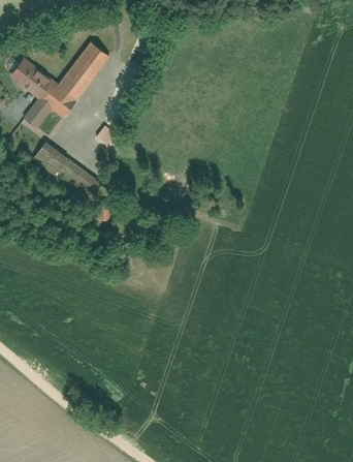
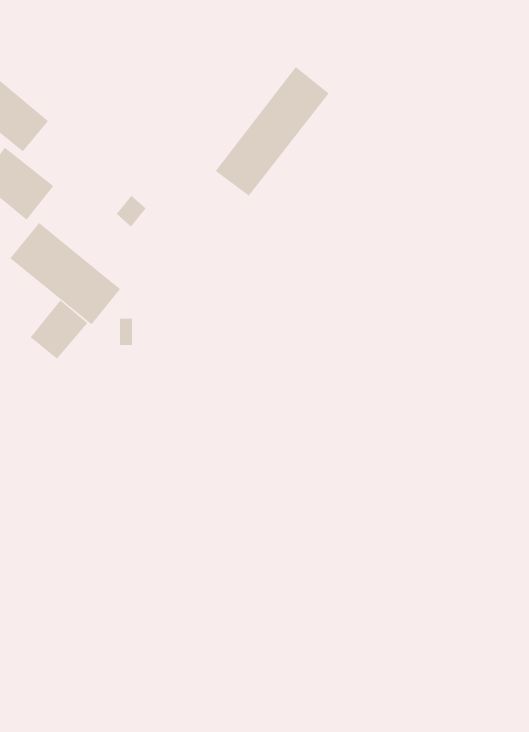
building: [41,38,110,117] -> [215,66,330,196]
building: none -> [30,300,88,359]

